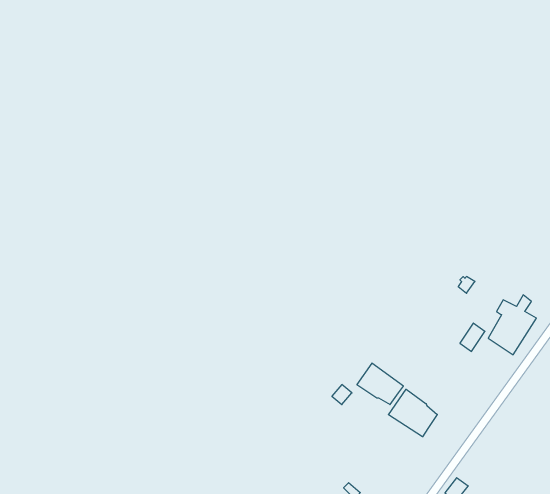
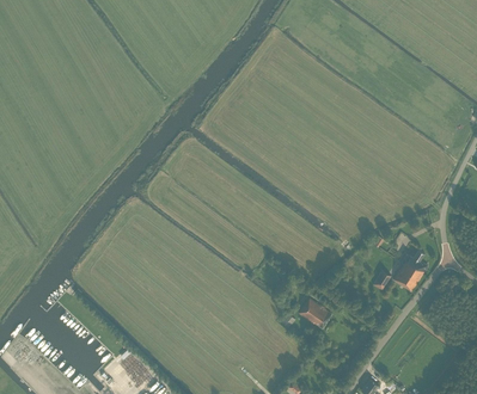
building: [388,389,437,437] -> none

